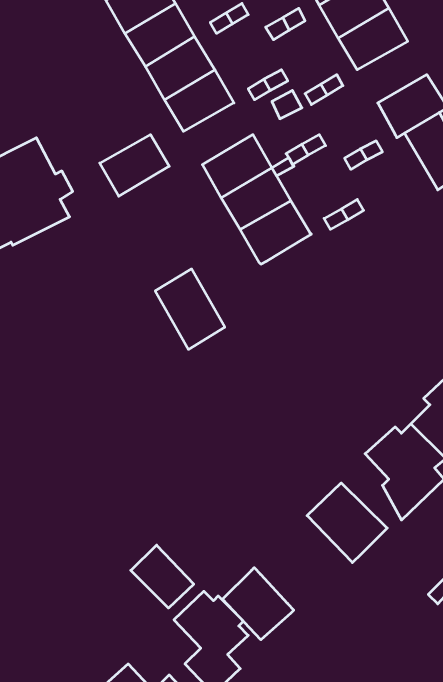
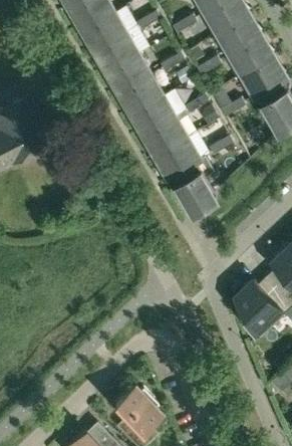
building: none -> [229,36,273,75]
building: [100,135,169,196] -> [118,75,163,115]
building: [155,269,225,349] -> [172,162,216,213]
building: [307,483,387,563] -> none
building: [131,545,194,608] -> none
building: [222,568,294,640] -> none

